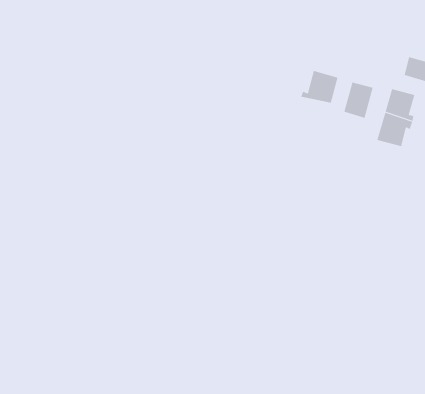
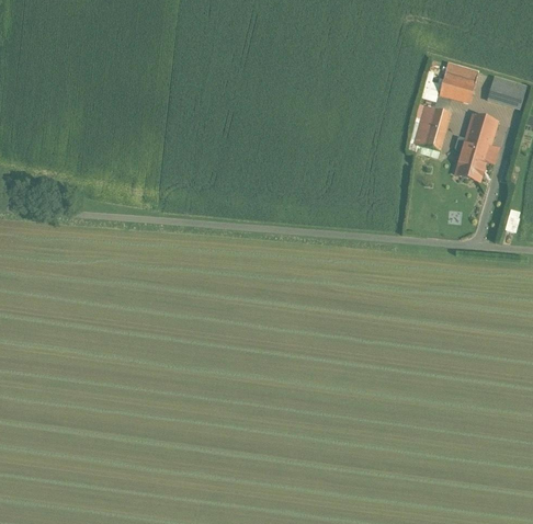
building: none -> [438,61,478,101]
building: [301,70,338,104] -> none

